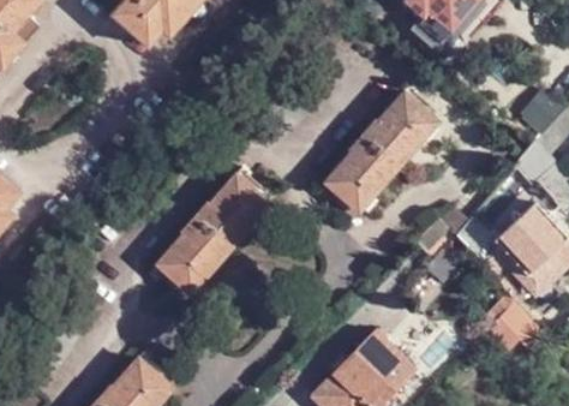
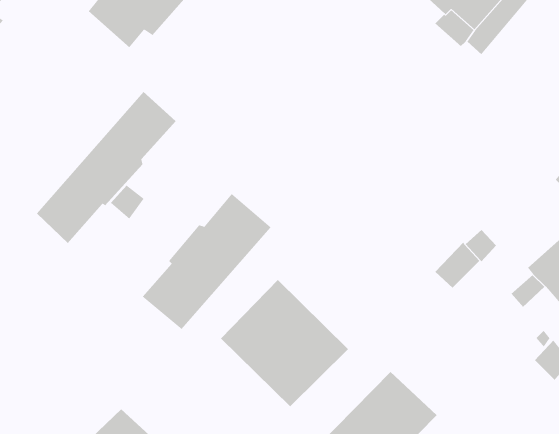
building: none -> [36,91,177,244]
building: [324,94,437,213] -> none
building: none -> [220,279,349,407]

